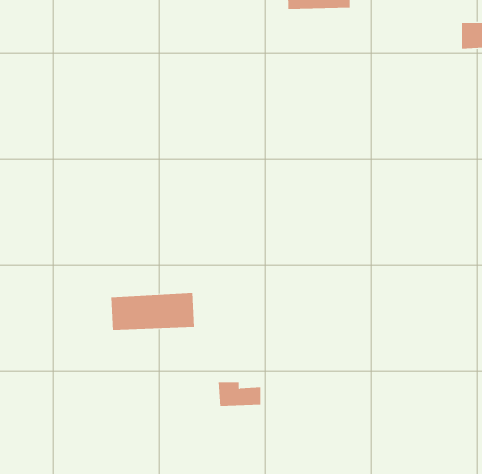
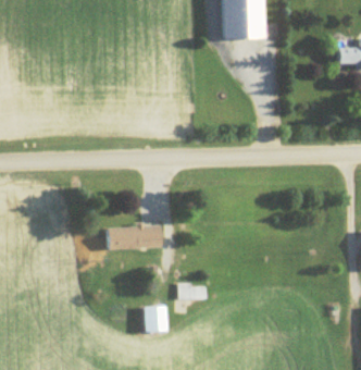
building: none -> [145,306,167,331]

